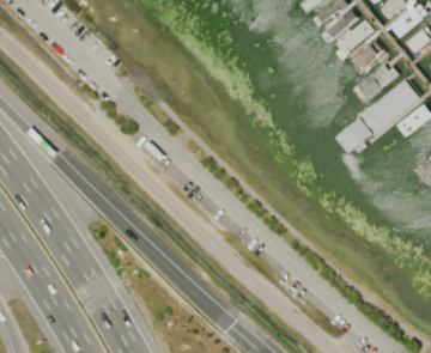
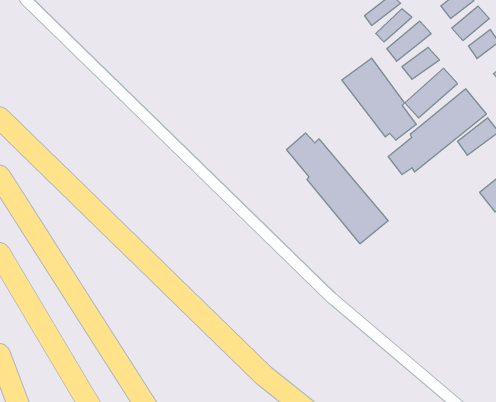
building: none -> [342,58,416,140]
building: none -> [287,133,388,244]

